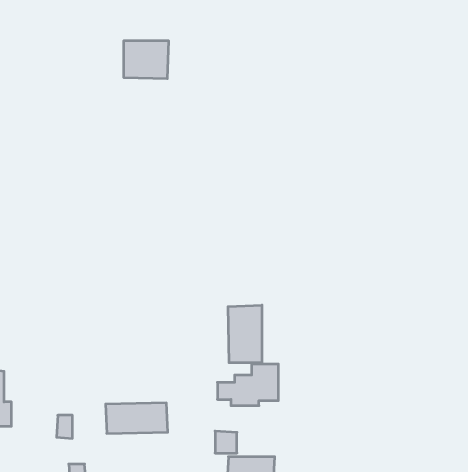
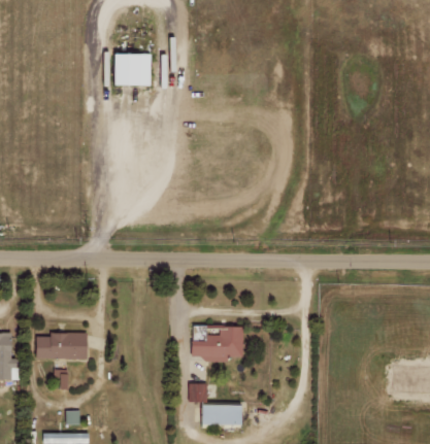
building: [228,305,262,363] -> none
building: [106,403,168,433] -> [35,334,88,360]

